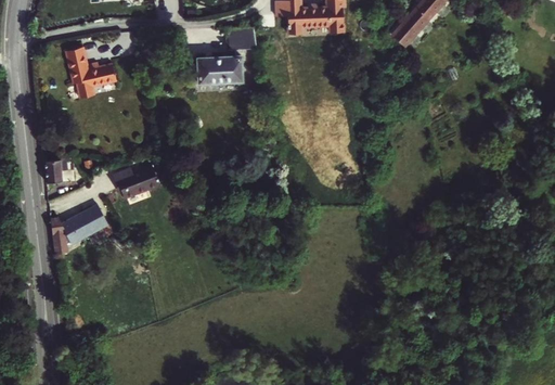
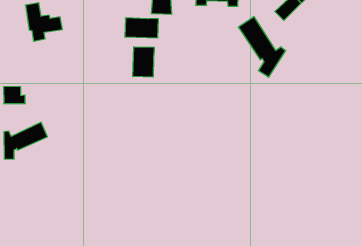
building: none -> [239,17,286,77]
building: none -> [133,47,154,77]
building: [114,166,159,198] -> none

